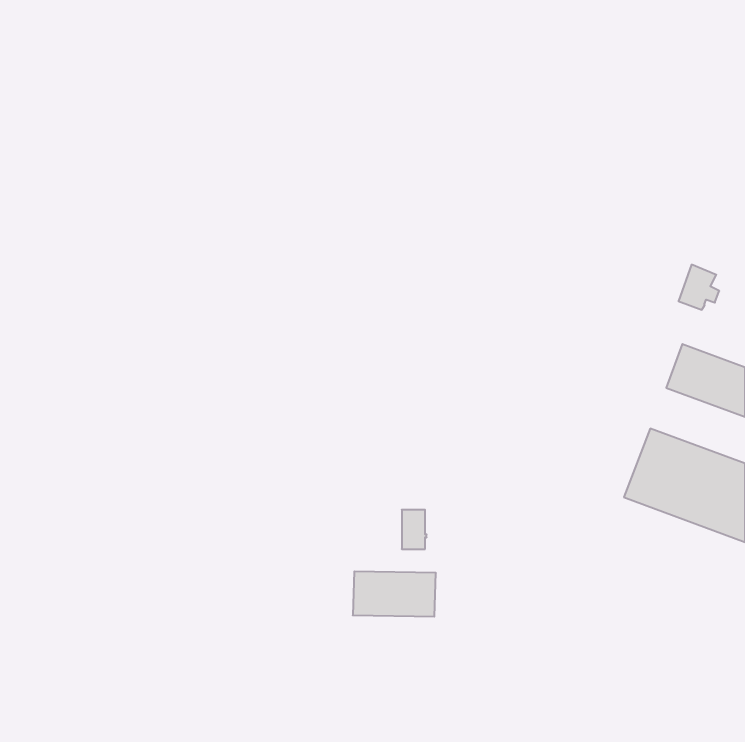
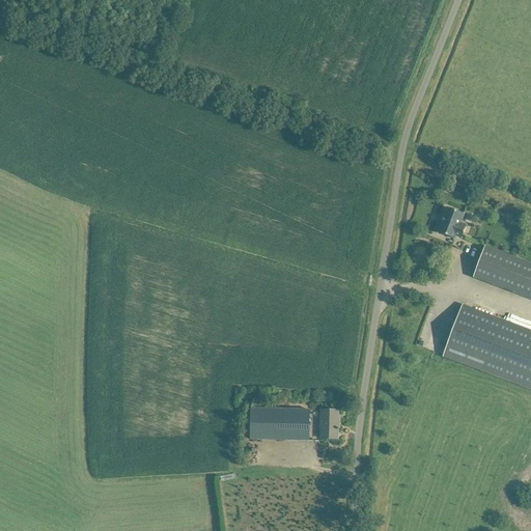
building: [678,265,719,310] -> [438,205,467,237]
building: [402,510,427,549] -> [322,409,339,437]

